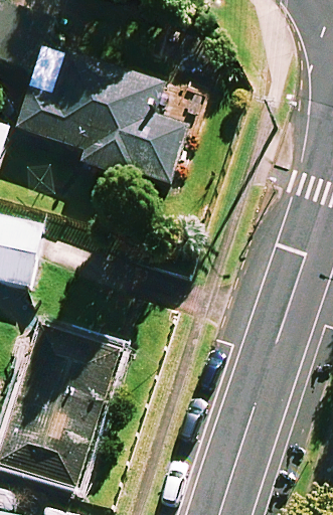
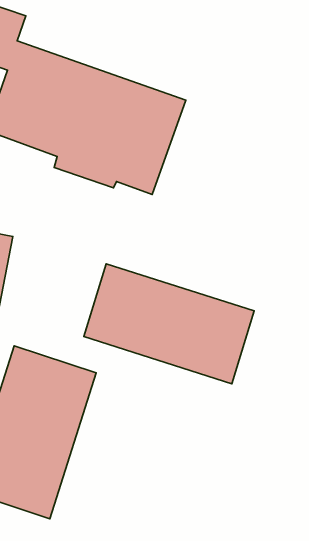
building: none -> [84,264,254,384]

